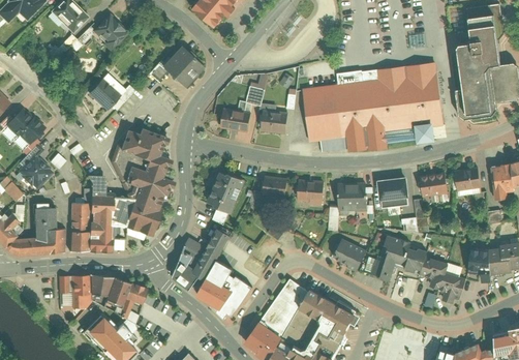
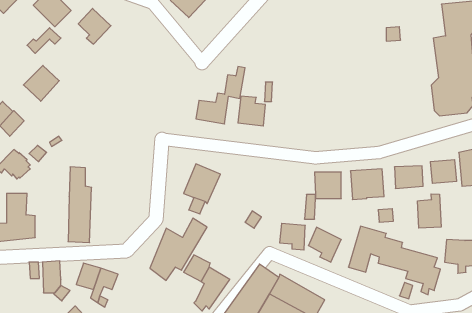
building: [162,47,205,89] -> none
building: [303,63,446,155] -> none
building: [90,74,126,111] -> [23,65,59,101]
building: [122,129,171,239] -> none
building: [264,175,286,197] -> none
building: [298,179,324,206] -> [280,223,305,250]
building: none -> [418,194,441,228]
building: [69,205,91,251] -> none
building: [82,271,105,292] -> none
building: [199,282,227,311] -> none

